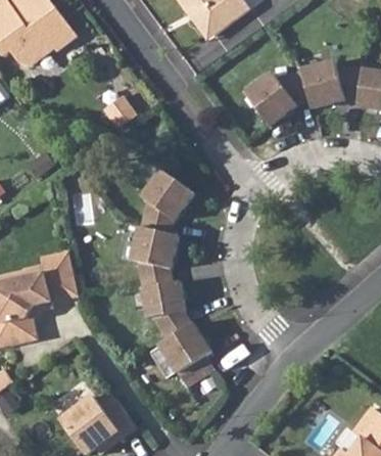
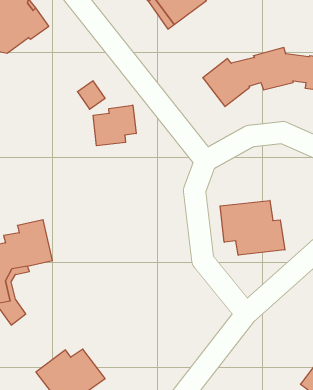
building: none -> [93,105,136,146]
building: [132,169,215,387] -> none
building: none -> [220,200,285,255]

